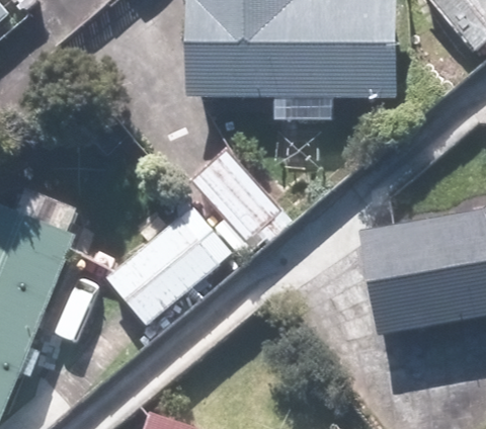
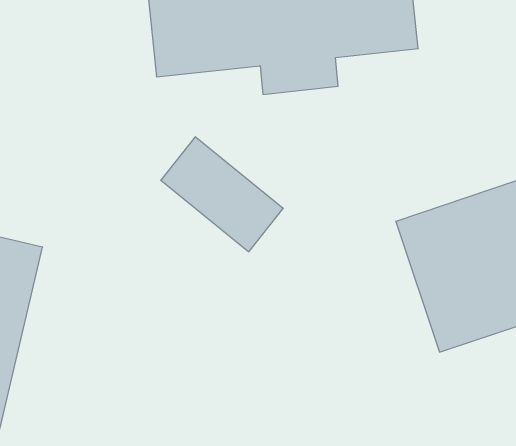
building: [106,214,220,325] -> none

